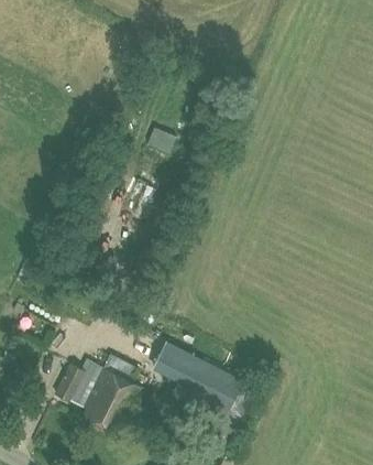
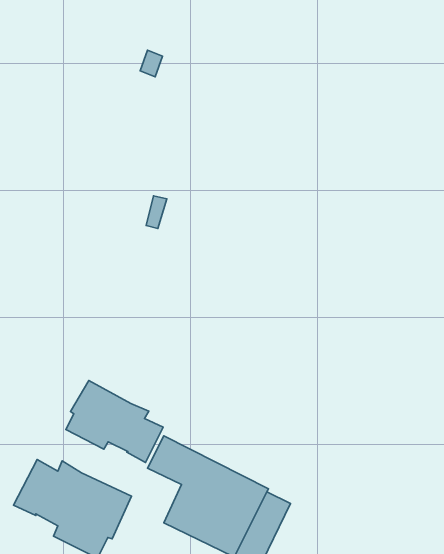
building: none -> [66,381,163,462]

